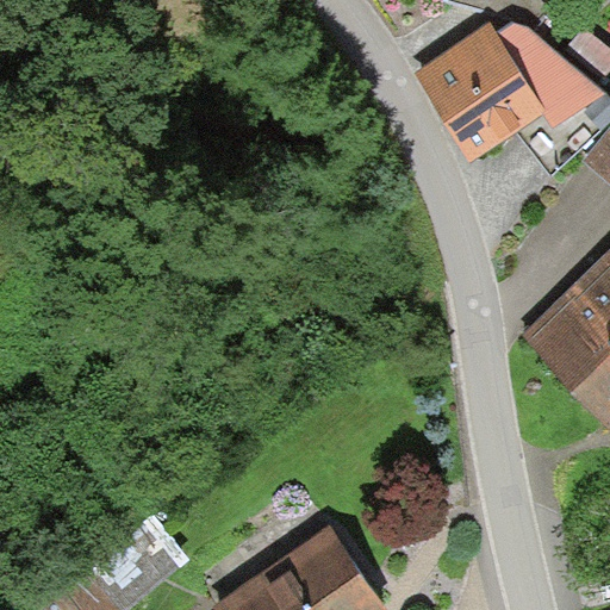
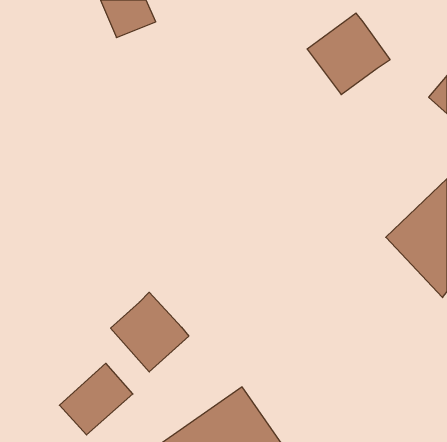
building: [494,19,604,152] -> none
building: none -> [111,292,189,372]

